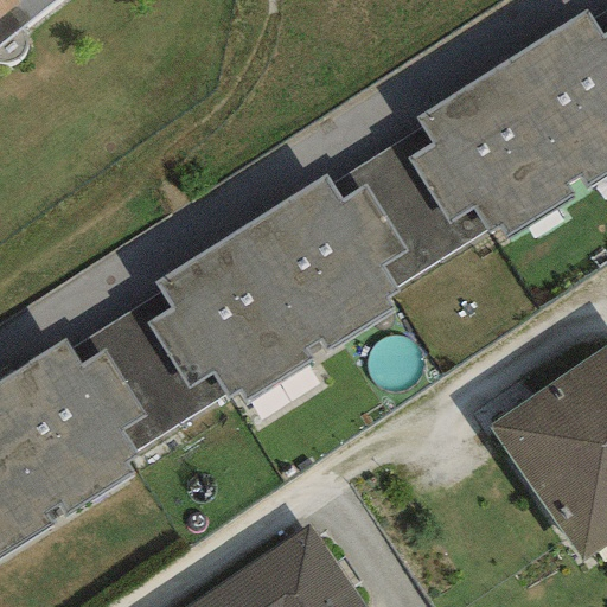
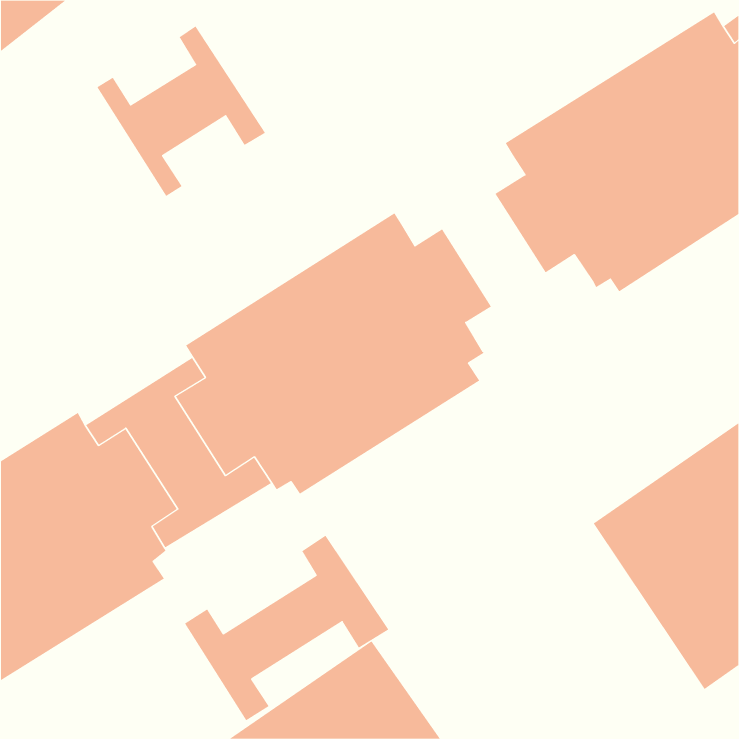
building: none -> [97,26,266,197]
building: [330,127,486,288] -> none
building: none -> [184,535,389,721]

